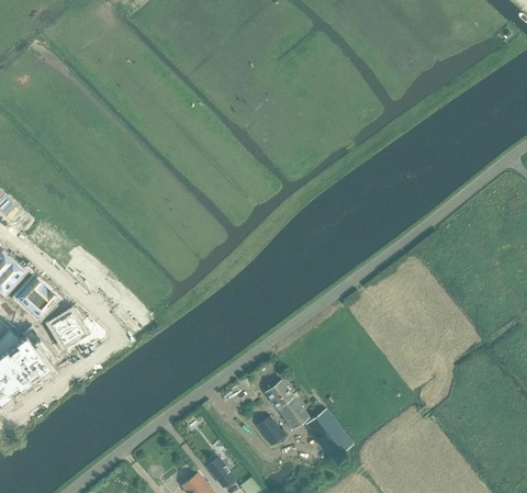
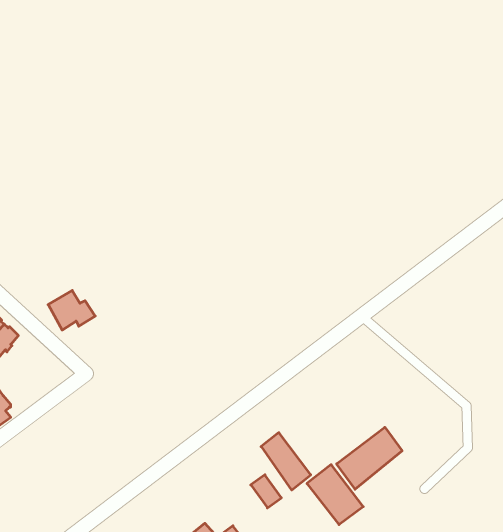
building: [52,312,92,346] -> [48,290,95,330]
building: none -> [337,427,402,489]

